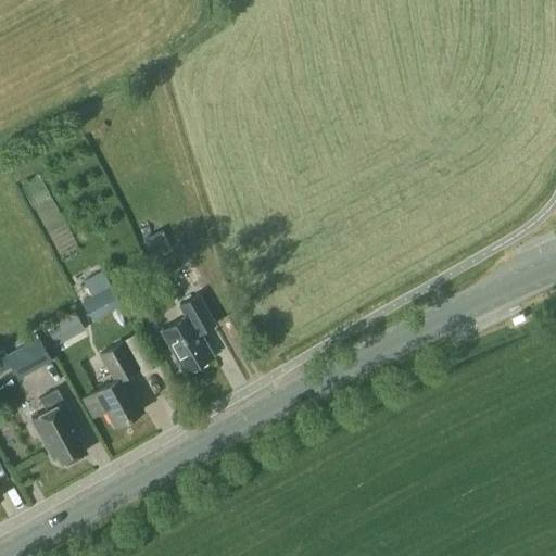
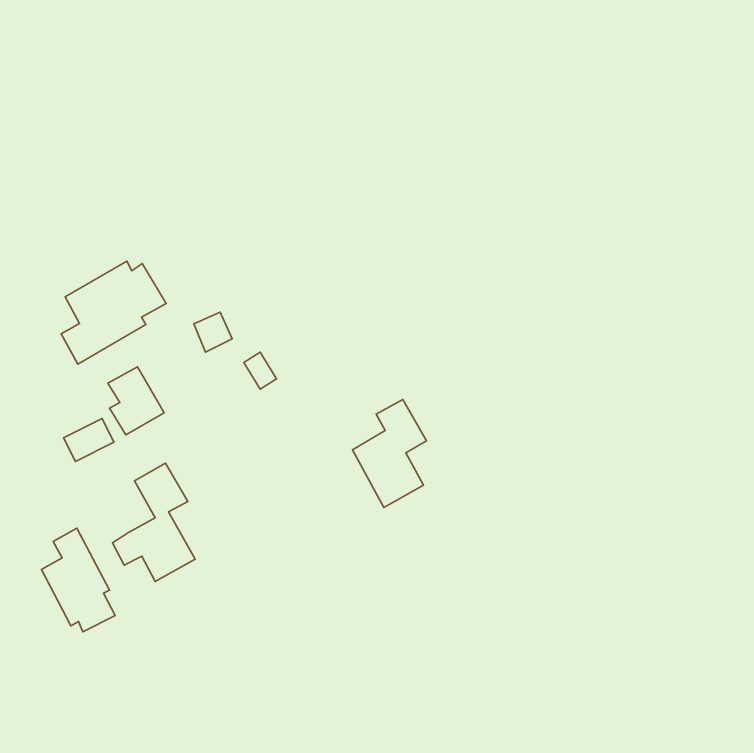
building: none -> [61,261,166,364]
building: [161,295,215,375] -> [353,399,427,507]
building: [5,337,51,378] -> none

